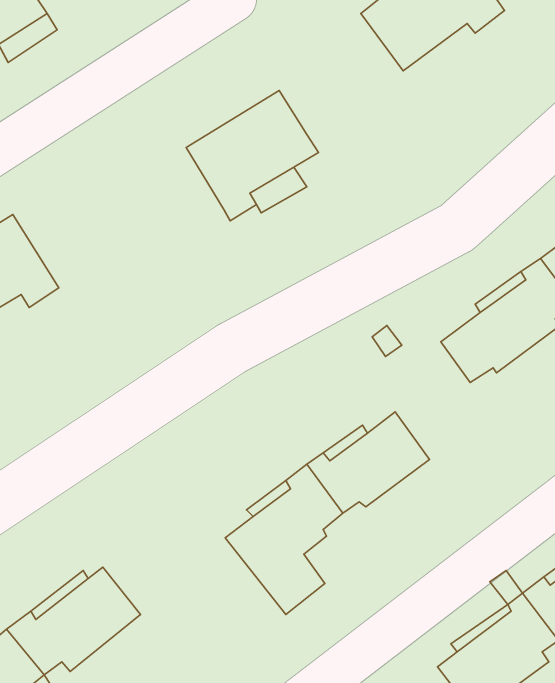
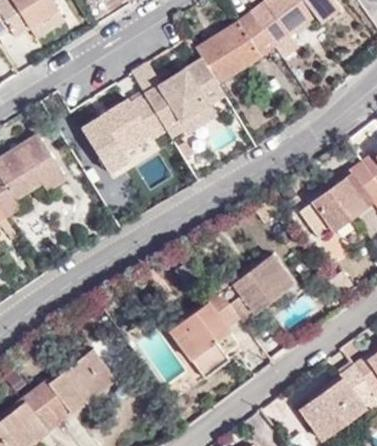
building: none -> [196,11,278,85]
building: none -> [83,93,168,173]

